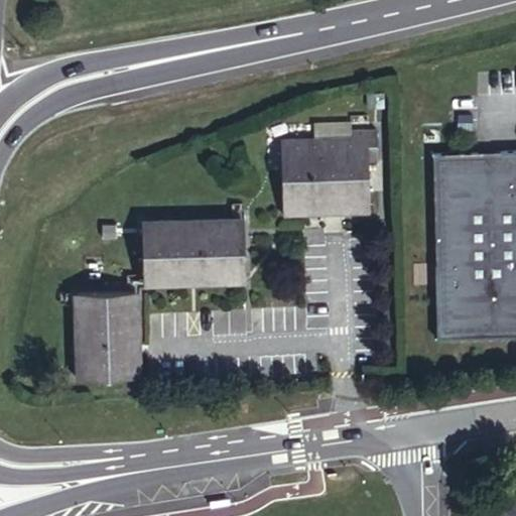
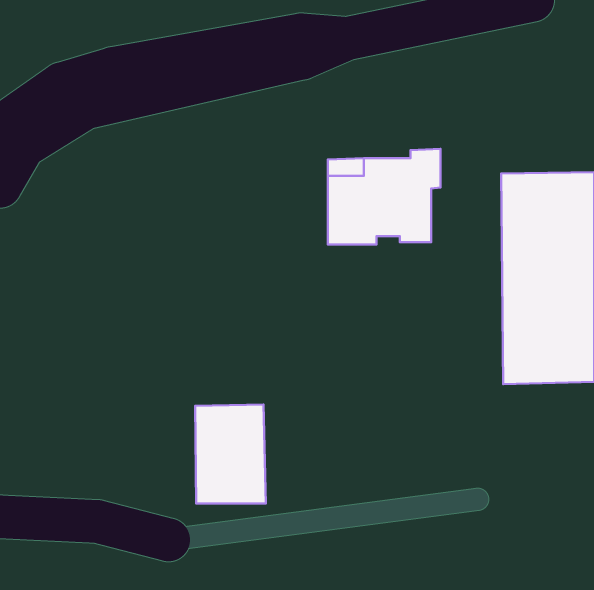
building: [144,222,245,282] -> none
building: [76,294,137,380] -> [195,405,266,504]

